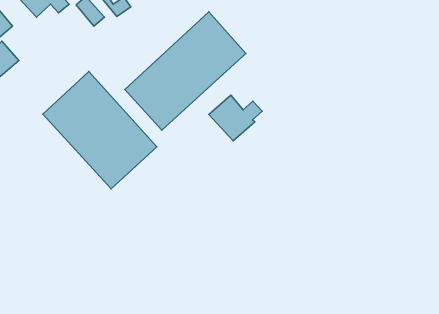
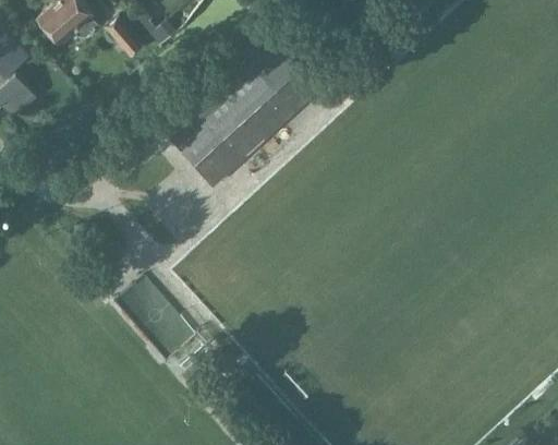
building: [43,71,157,189] -> none
building: [209,95,262,141] -> none

